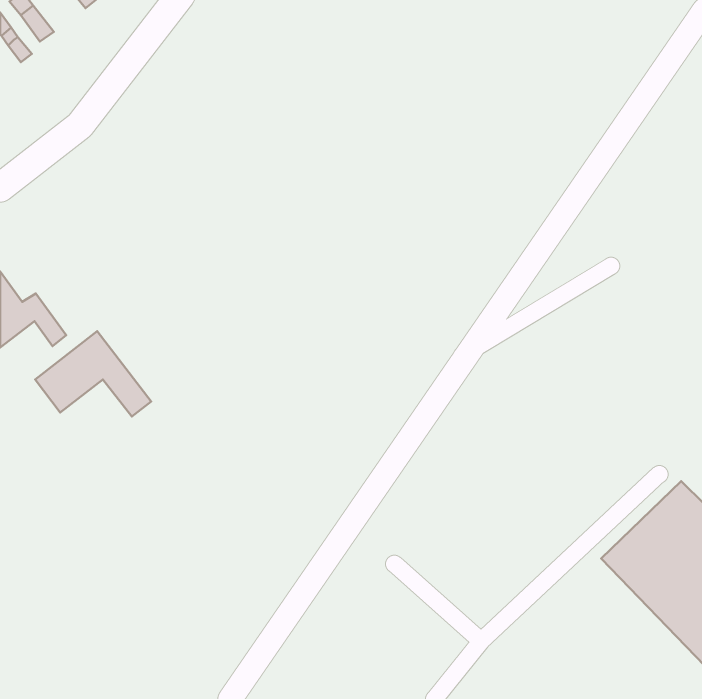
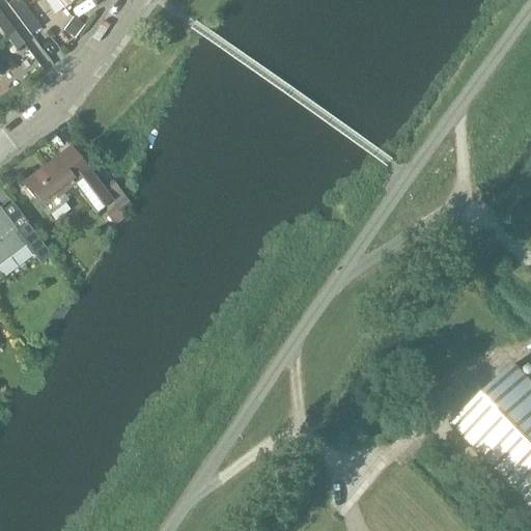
building: [35,331,151,417] -> [25,144,112,208]

